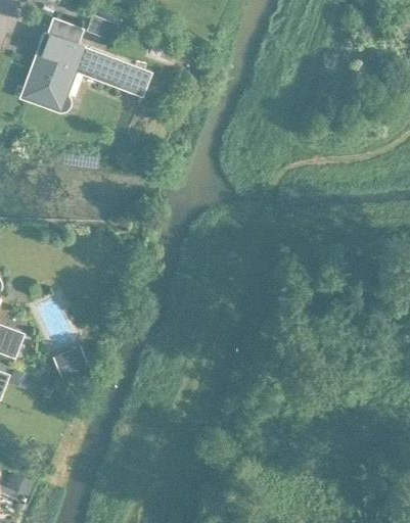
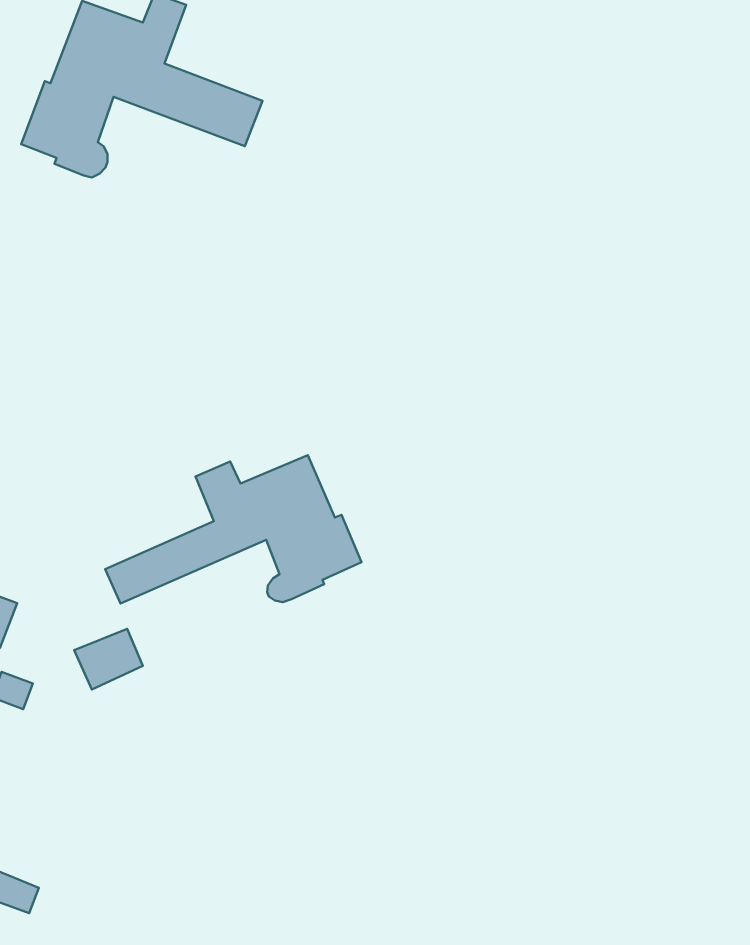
building: none -> [105,455,362,603]

